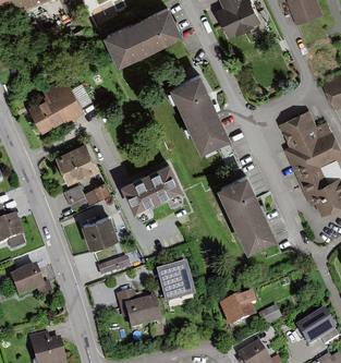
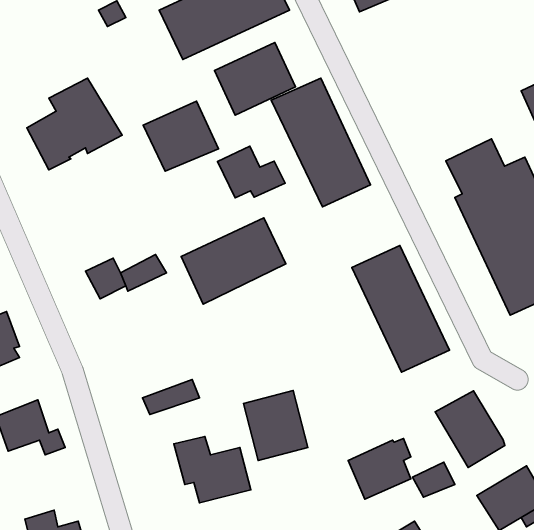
building: none -> [214,42,295,115]
building: none -> [218,146,285,198]
building: [54,142,99,183] -> [143,101,218,171]
building: [81,214,119,247] -> none
building: none -> [435,391,505,468]

